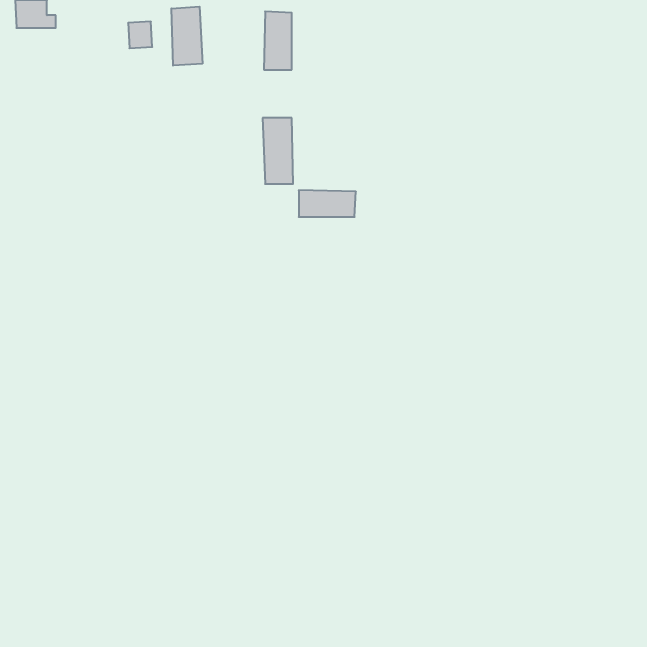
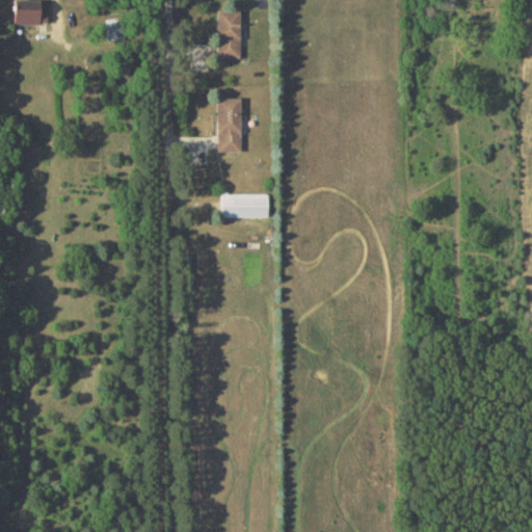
building: [171,7,202,66] -> none
building: [299,190,356,217] -> [221,194,268,216]

